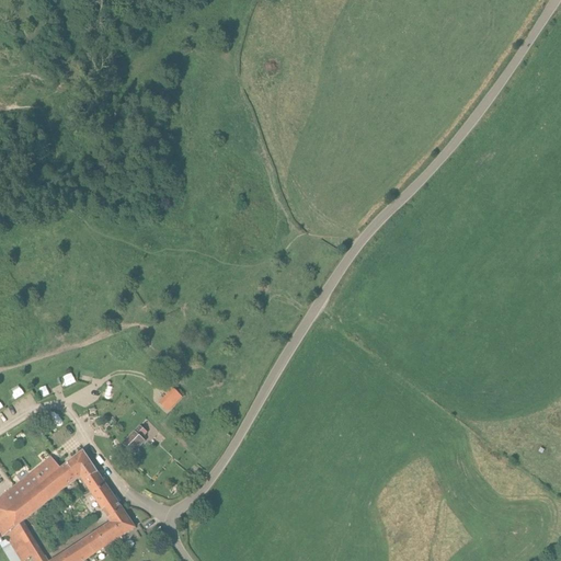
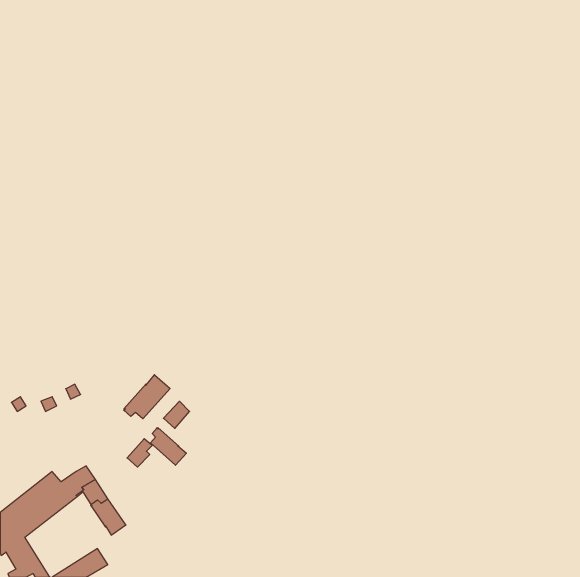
building: none -> [124,375,170,419]
building: none -> [151,428,186,465]
building: [94,507,137,546] -> none

